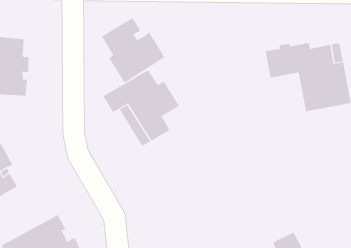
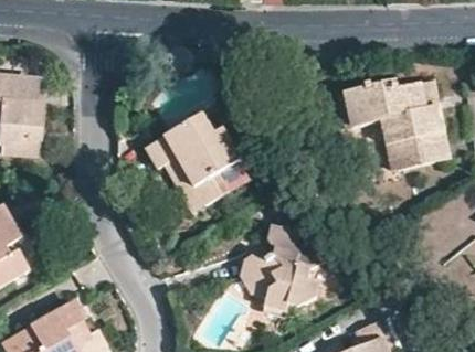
building: [101,17,165,84] -> none
building: none -> [236,218,323,317]

